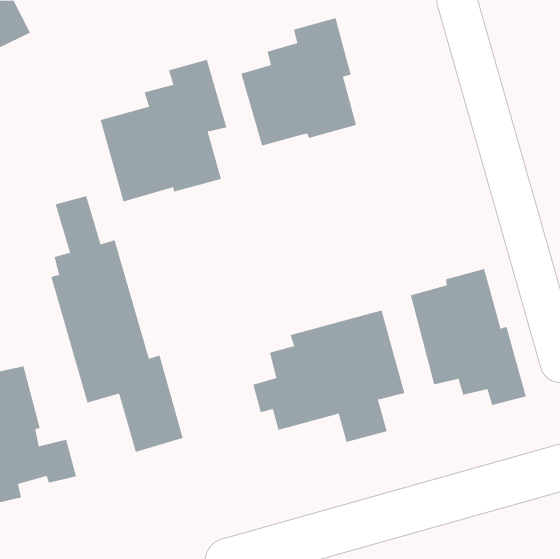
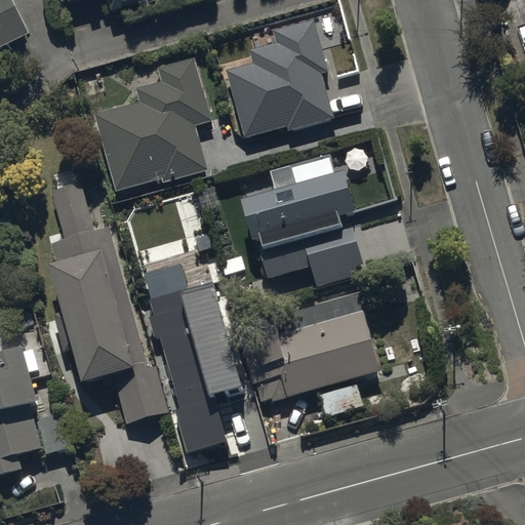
building: none -> [241,153,365,287]
building: [410,268,526,406] -> none
building: none -> [143,266,243,454]

